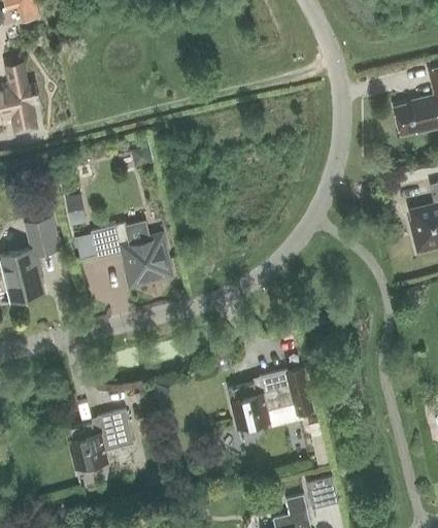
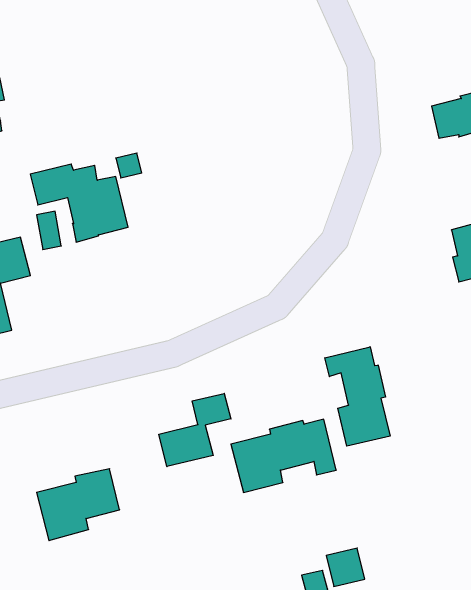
building: [91,223,172,288] -> [30,164,128,242]
building: none -> [325,347,390,446]
building: none -> [159,393,231,467]

